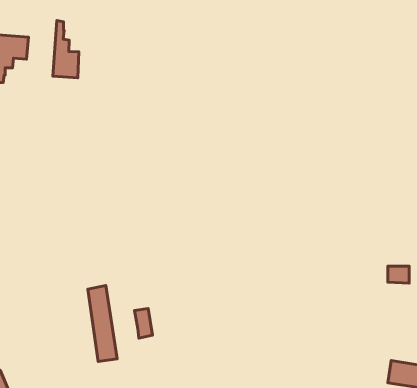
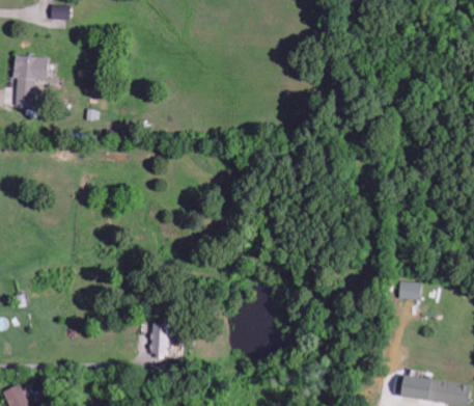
building: [53,21,79,78] -> none
building: [88,286,117,361] -> none

